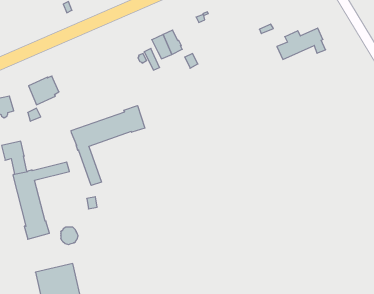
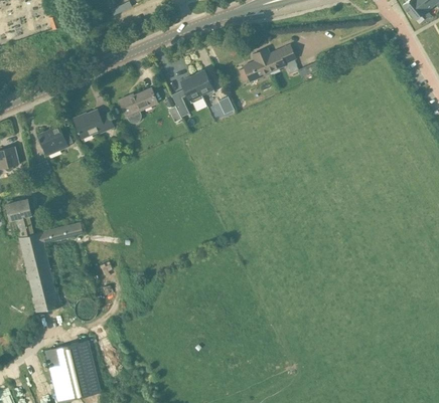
building: [277,28,326,59] -> [243,44,299,80]
building: none -> [120,87,158,123]
building: none -> [75,110,114,138]
building: [71,106,145,185] -> none

